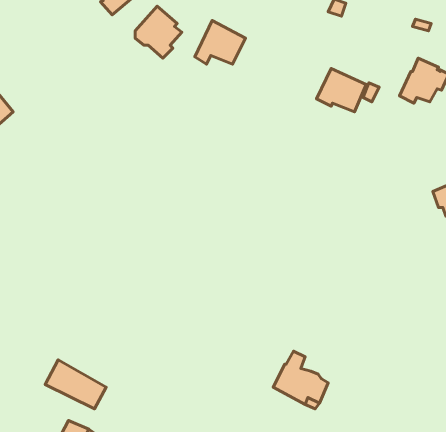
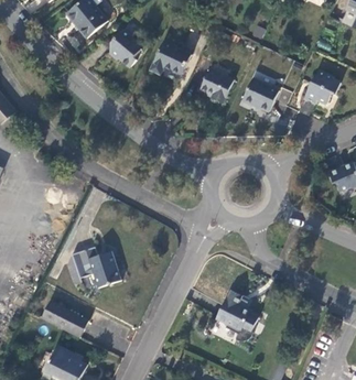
building: none -> [204,67,238,102]
building: none -> [69,247,122,287]

